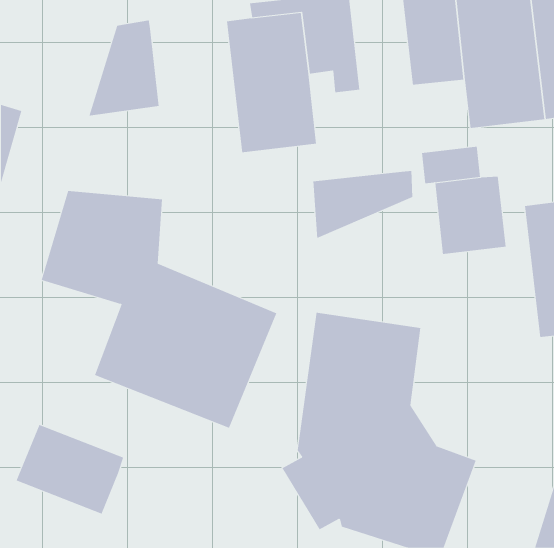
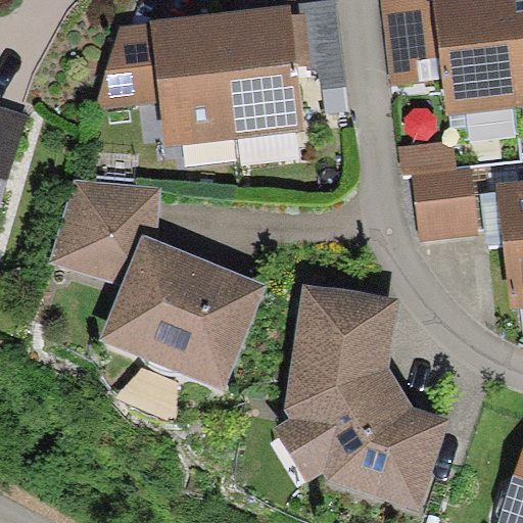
building: none -> [150,19,234,148]
building: [313,170,413,239] -> none
building: [16,424,124,514] -> none

